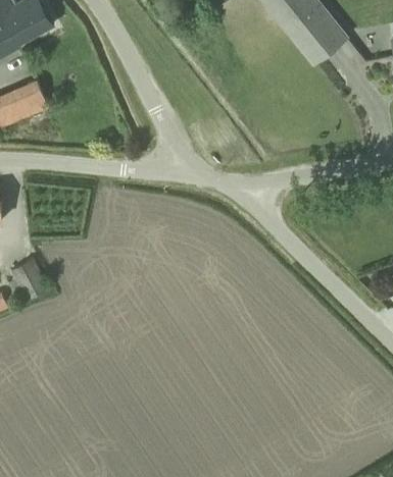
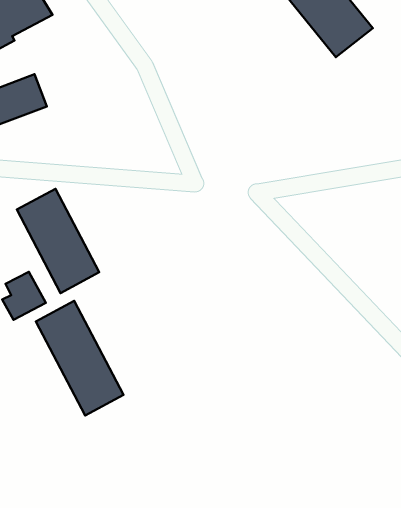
building: none -> [17,189,99,293]
building: none -> [36,301,123,416]

